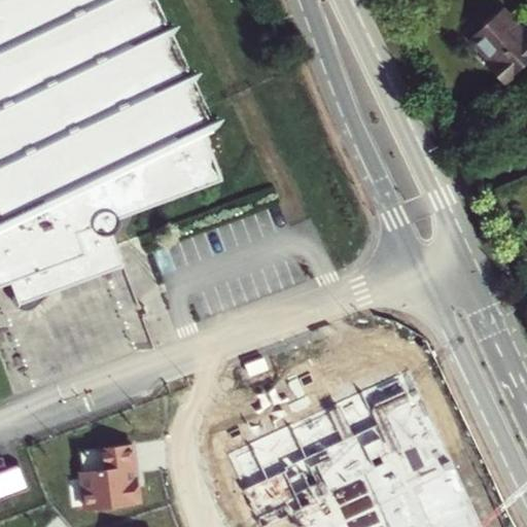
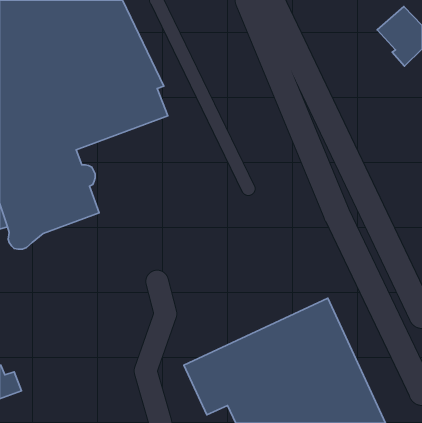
building: [95,144,223,216] -> none
building: [79,445,139,511] -> none

